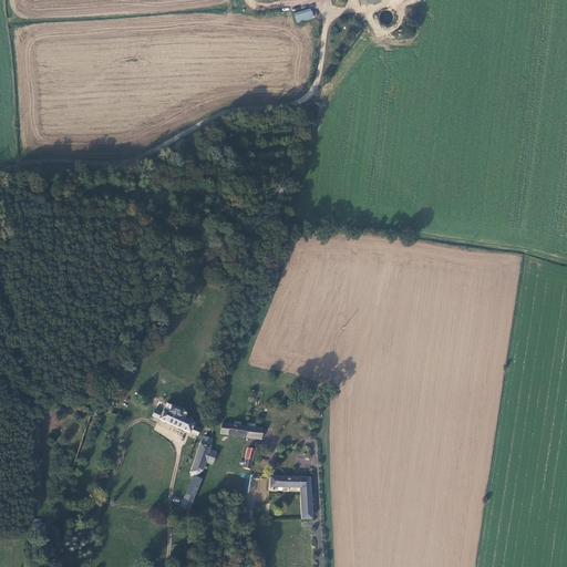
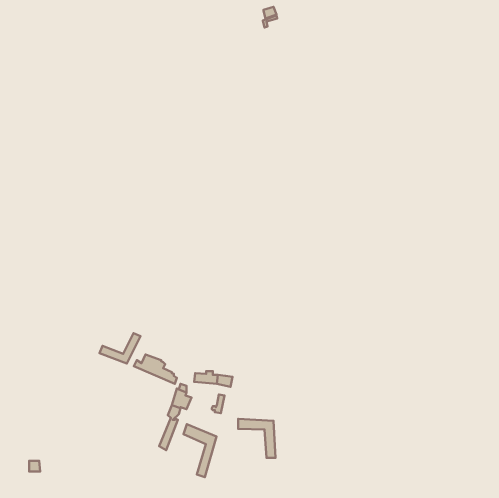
building: none -> [99,333,140,363]
building: none -> [183,424,216,477]

